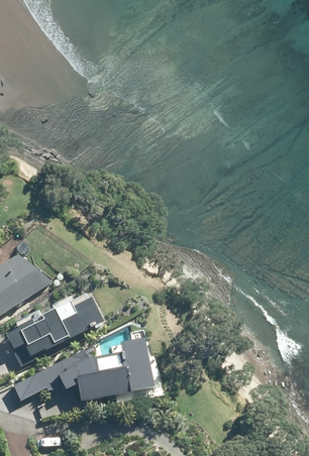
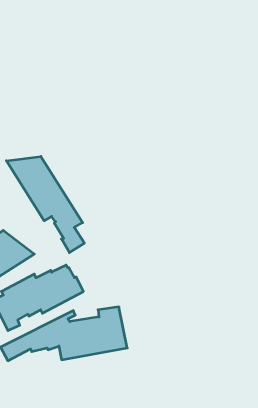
building: none -> [6,156,84,253]

